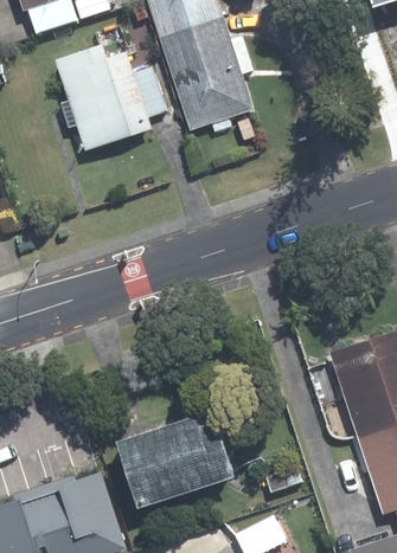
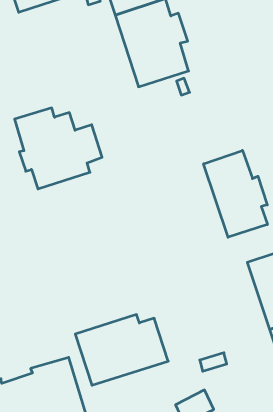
building: [55,46,166,149] -> [15,108,102,189]
building: none -> [204,150,267,237]

